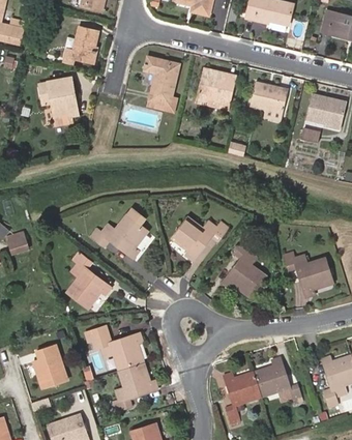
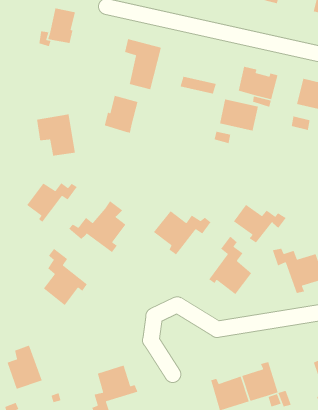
building: [199,67,236,98] -> [219,98,259,132]
building: [38,78,76,118] -> [36,114,76,157]
building: none -> [104,95,138,134]
building: none -> [26,182,78,223]
building: none -> [233,204,287,243]
building: [84,327,144,371] -> none

